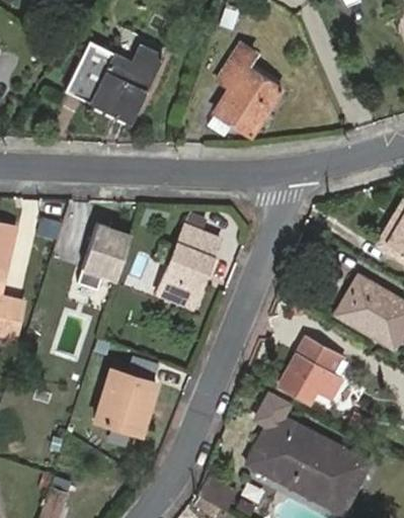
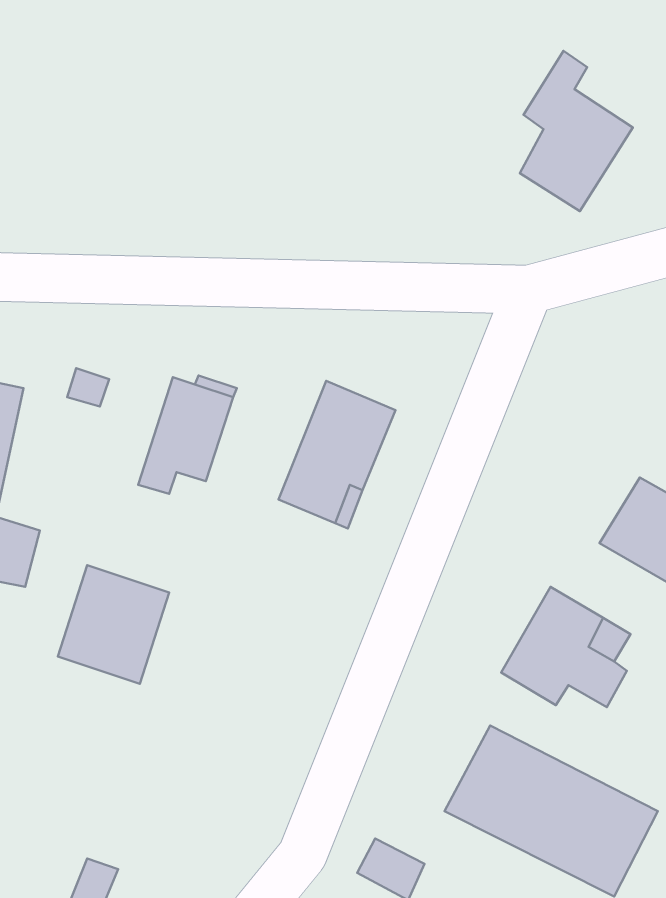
building: [67,42,166,126] -> none
building: [218,47,280,136] -> [520,51,633,211]
building: [93,365,155,431] -> [58,565,169,684]

